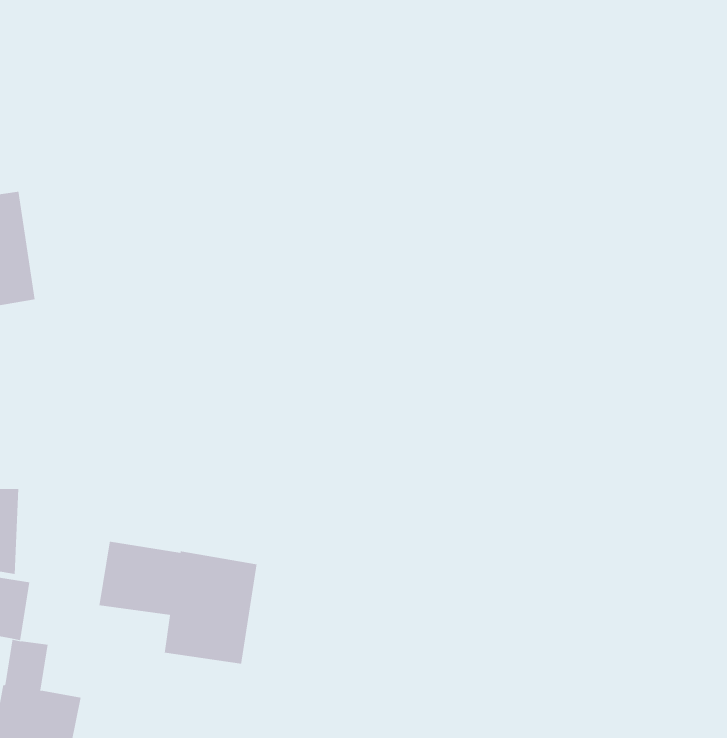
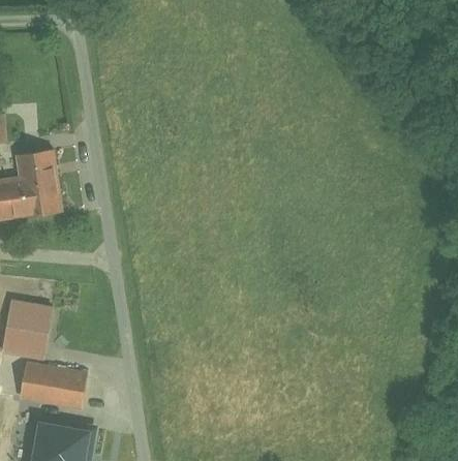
building: [99,541,257,665] -> none
building: none -> [52,369,85,406]

